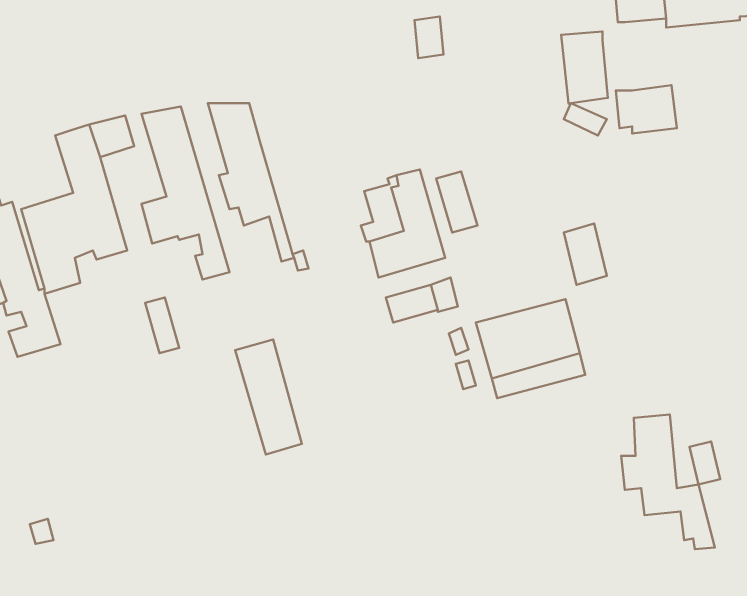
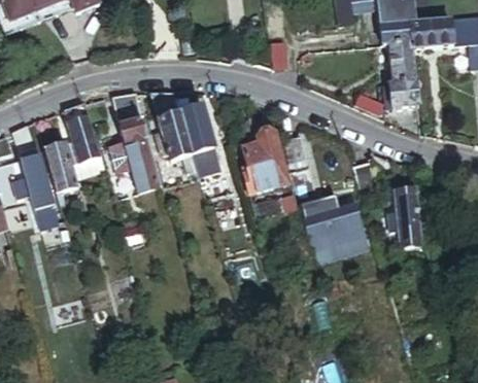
building: [561,31,608,103] -> [389,41,416,82]
building: [235,339,302,455] -> [180,106,218,172]
building: [621,414,715,549] -> [388,185,442,263]

